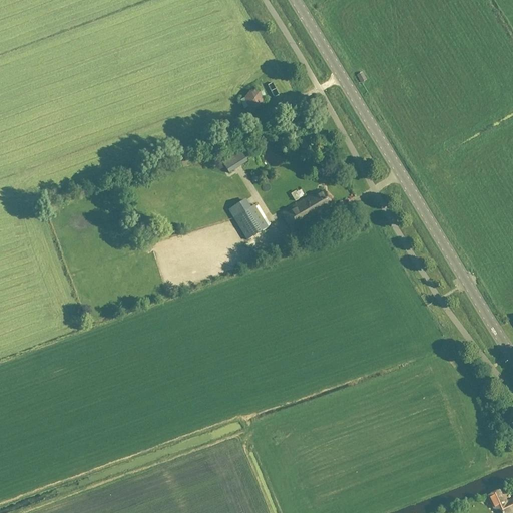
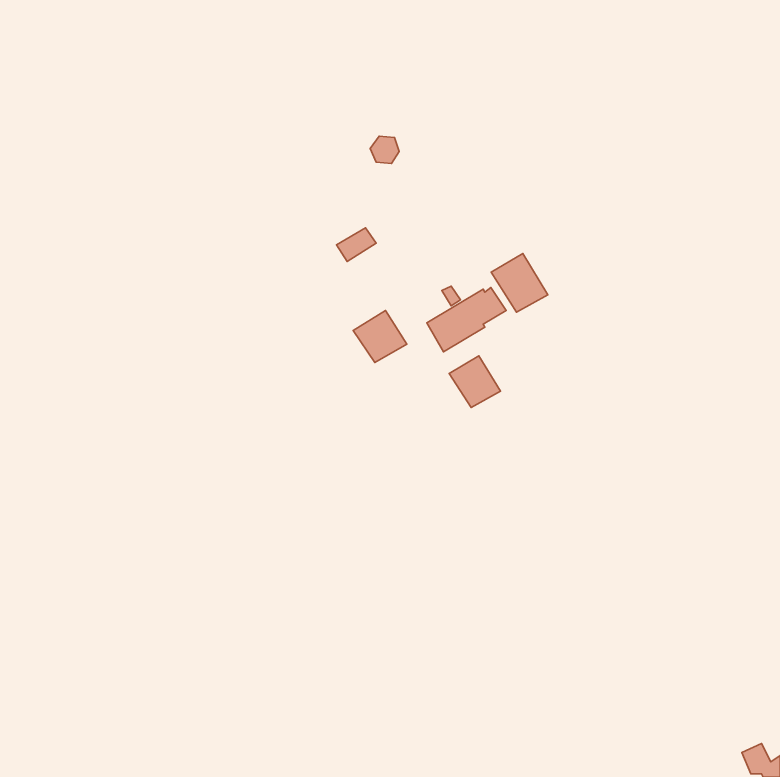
building: none -> [491,253,548,312]
building: none -> [449,356,500,407]

